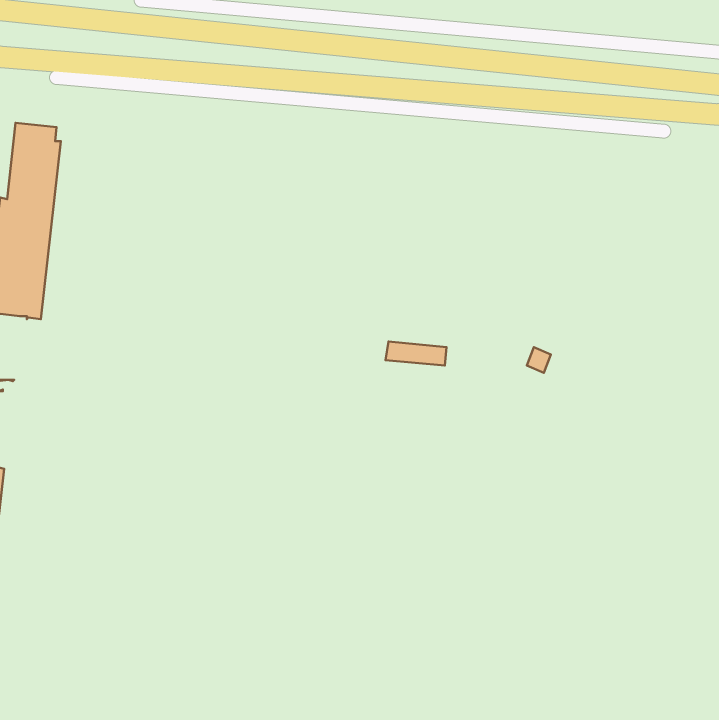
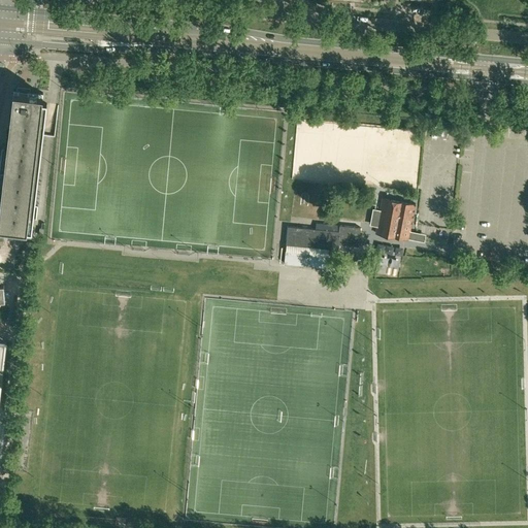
building: none -> [370,199,414,240]
building: none -> [284,226,358,252]

